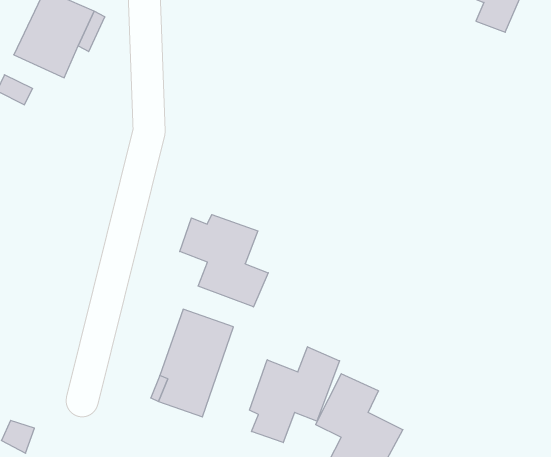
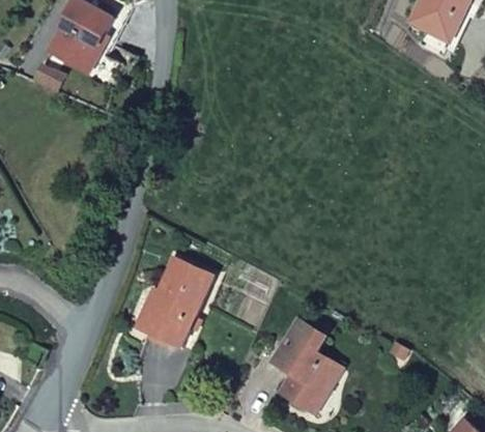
building: [180,215,268,307] -> none
building: [250,347,340,443] -> none

